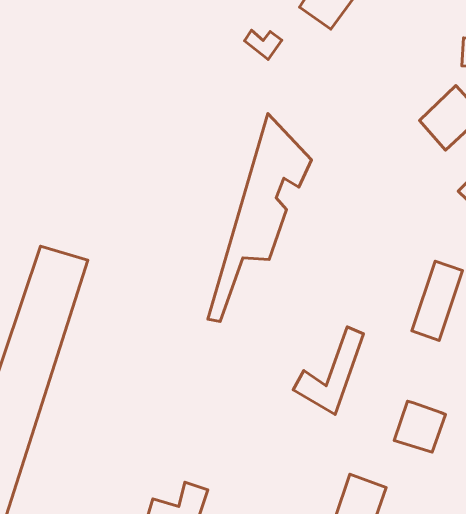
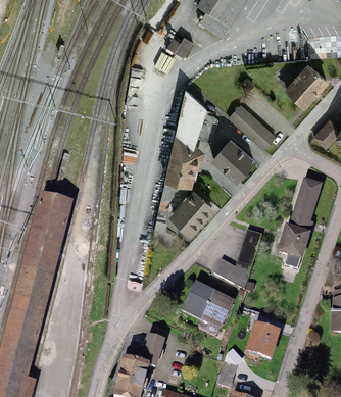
building: none -> [228,104,273,146]
building: none -> [213,142,255,183]
building: none -> [169,192,214,237]
building: [394,401,445,452] -> [278,228,310,260]
building: none -> [184,285,232,332]

